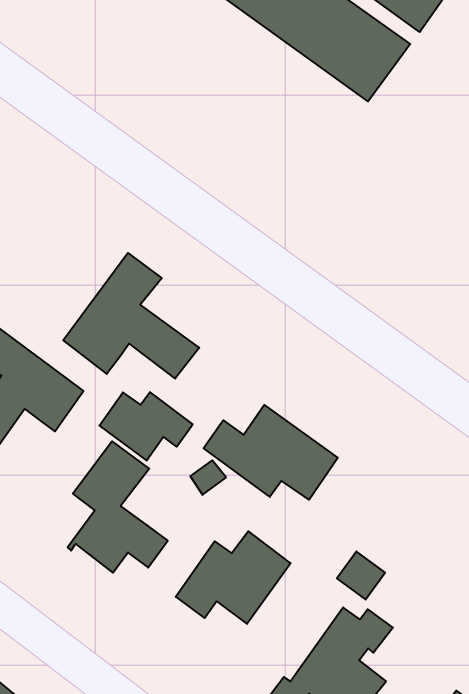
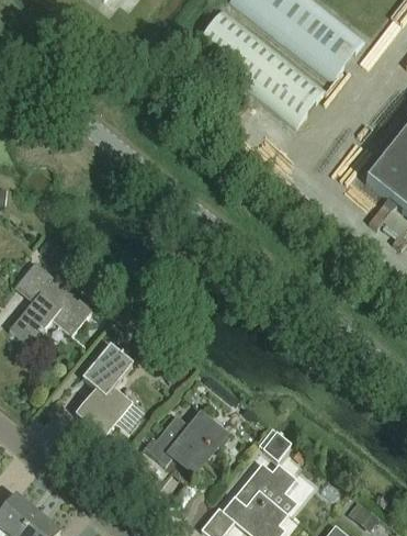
building: [63,253,199,379] -> none
building: [99,392,193,461] -> none
building: [204,405,338,500] -> none

